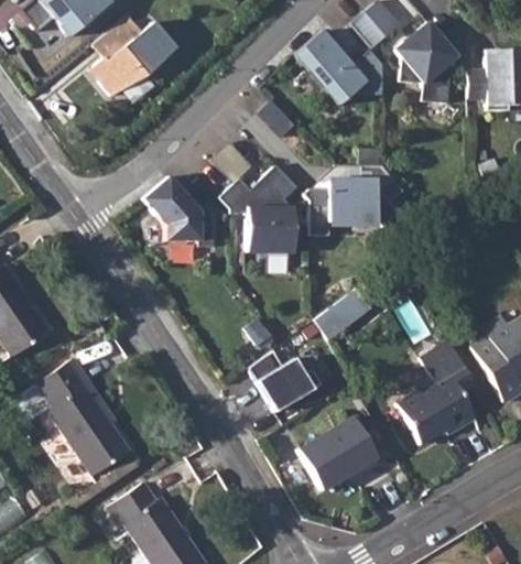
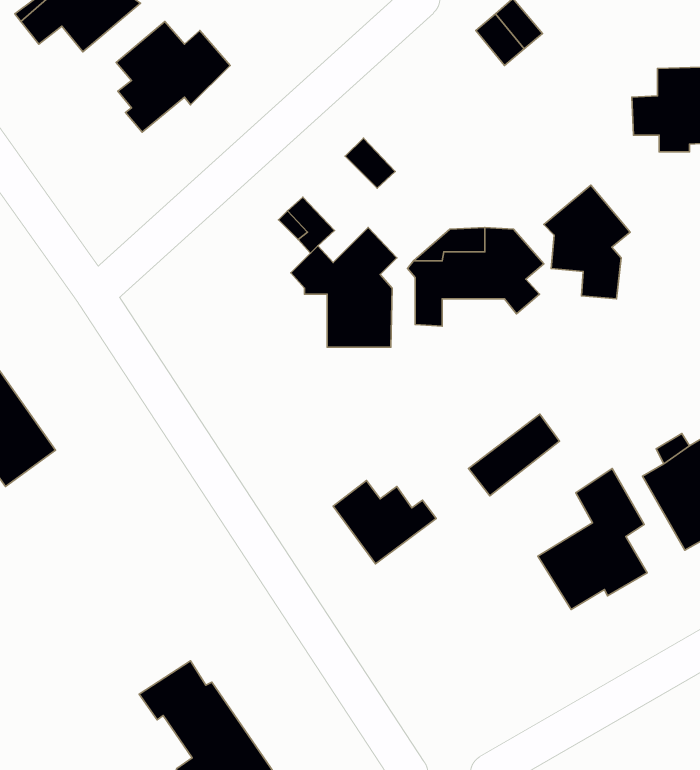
building: [394,22,457,105] -> [544,185,630,299]
building: [296,30,367,105] -> none
building: [142,178,213,249] -> none
building: [317,281,383,340] -> [468,414,559,496]
building: [36,357,130,475] -> none
building: [300,417,378,490] -> none

